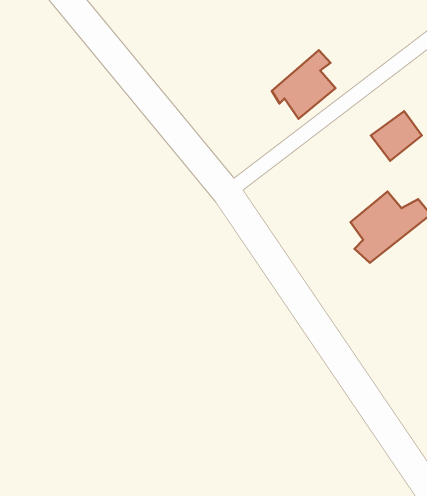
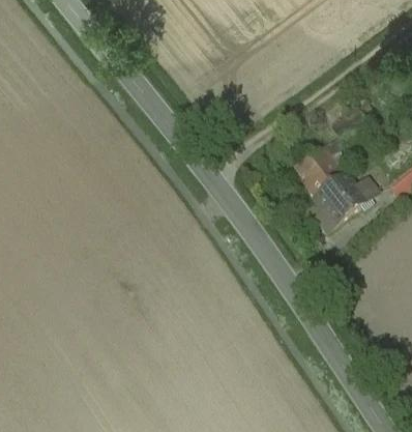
building: [272,50,335,119] -> [291,140,343,196]

